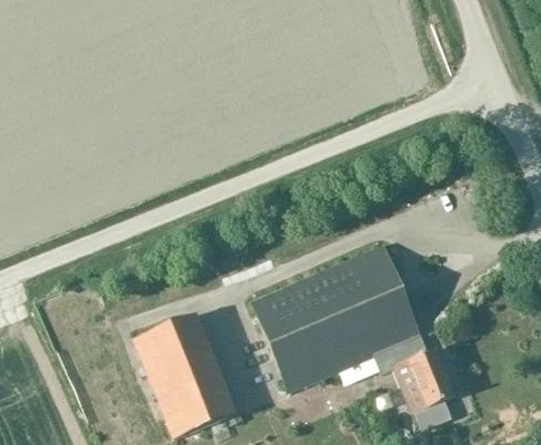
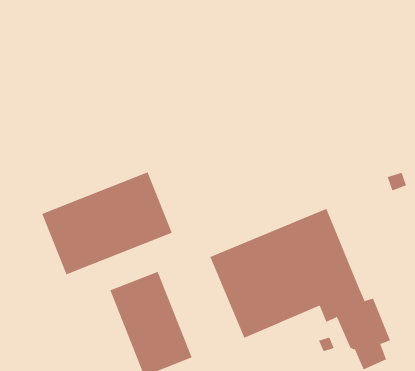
building: none -> [41,171,172,275]

